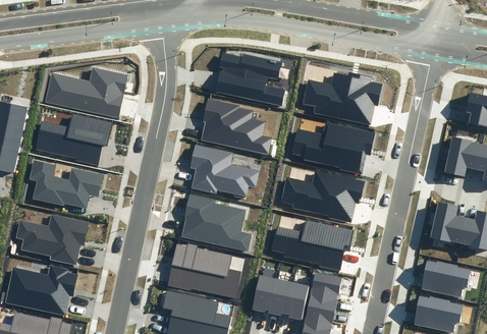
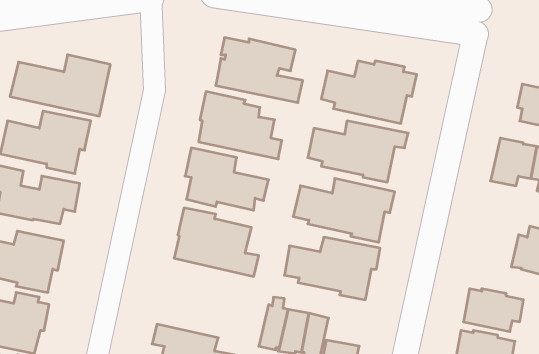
building: [430,202,467,243] -> none
building: [167,243,240,298] -> none
building: [307,272,342,310] -> none

